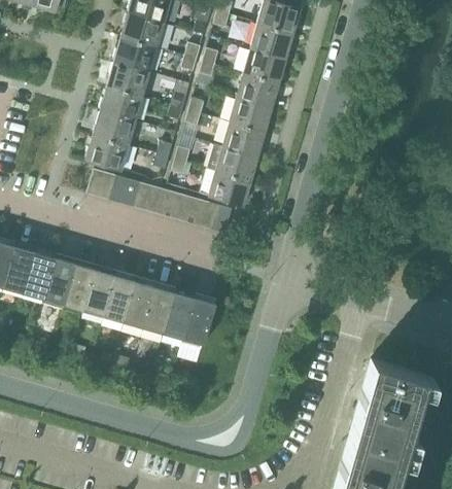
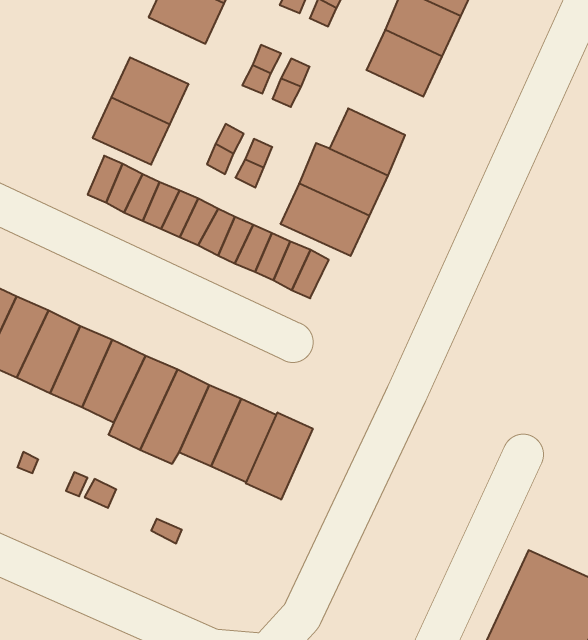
building: [100,86,142,121] -> none
building: [230,98,272,132] -> none
building: none -> [246,412,313,500]

